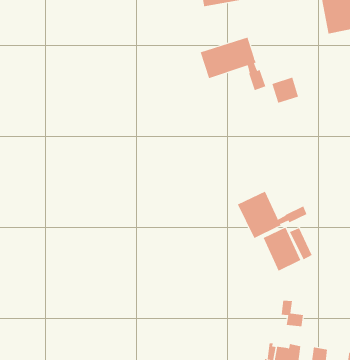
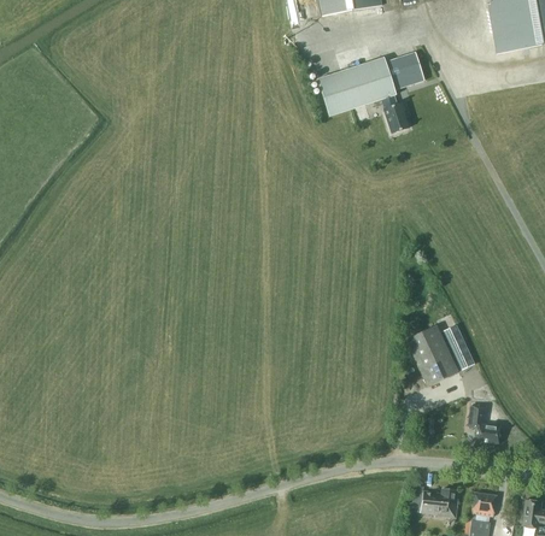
building: [272,77,299,104] -> [386,51,424,88]
building: [237,191,307,239] -> none
building: [281,300,304,327] -> [469,405,502,442]

